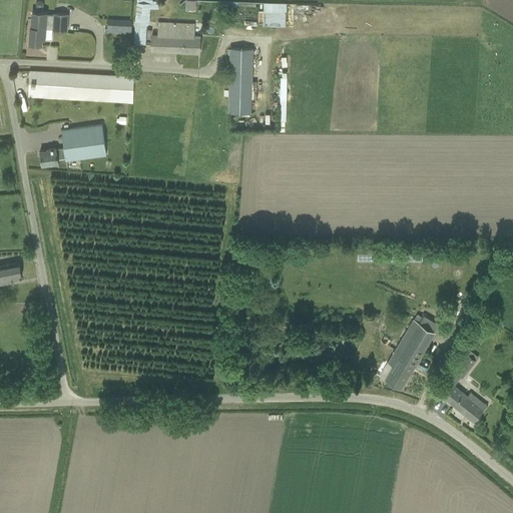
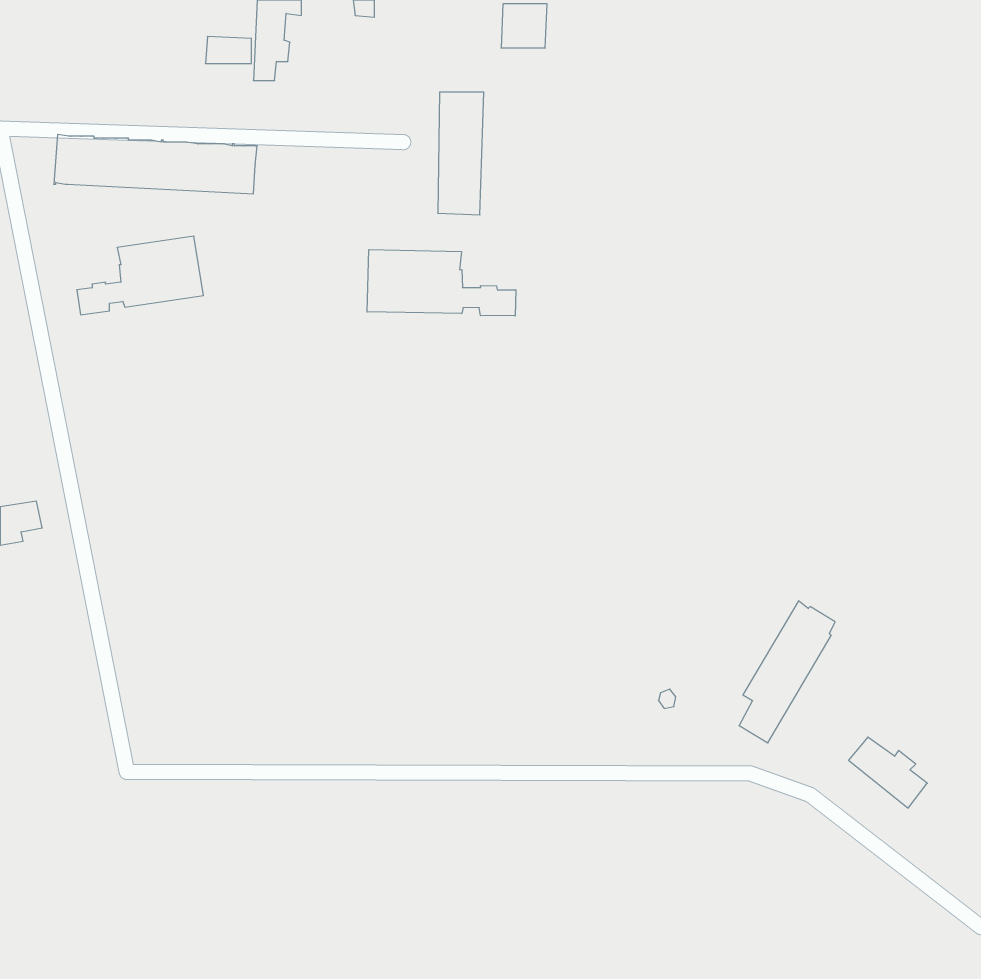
building: [29,13,68,45] -> none
building: [151,24,200,53] -> none
building: none -> [367,250,516,316]

